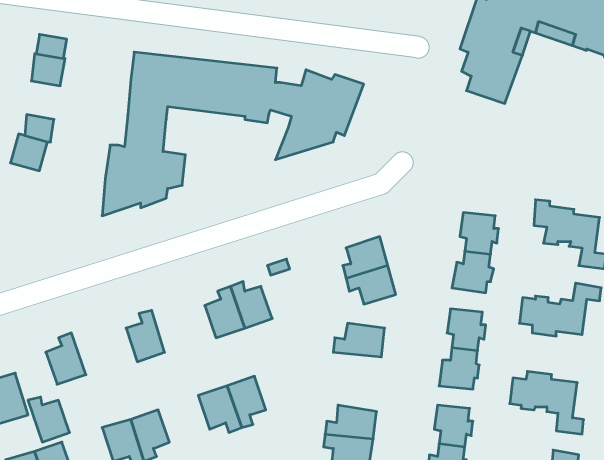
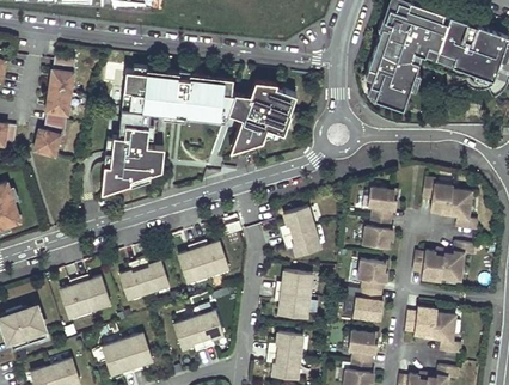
building: none -> [45,90,70,118]
building: none -> [139,257,170,292]
building: none -> [272,292,309,318]
building: [28,397,70,442] -> [79,275,110,308]

